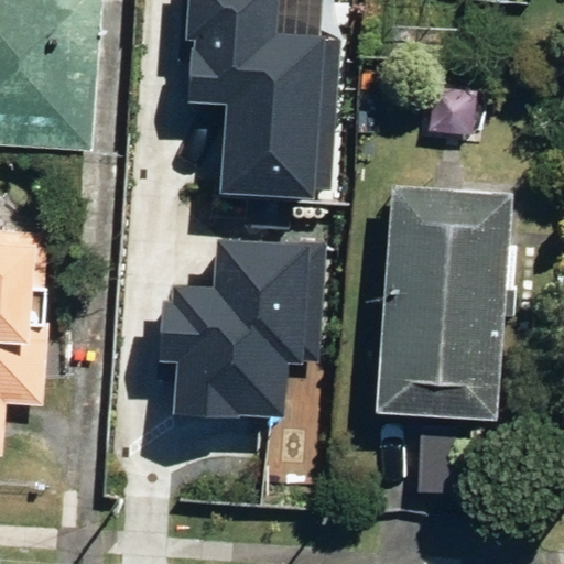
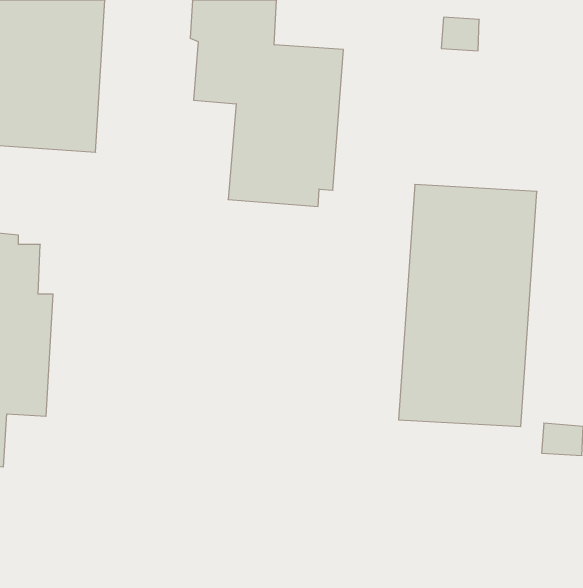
building: [153,242,316,417] -> none

